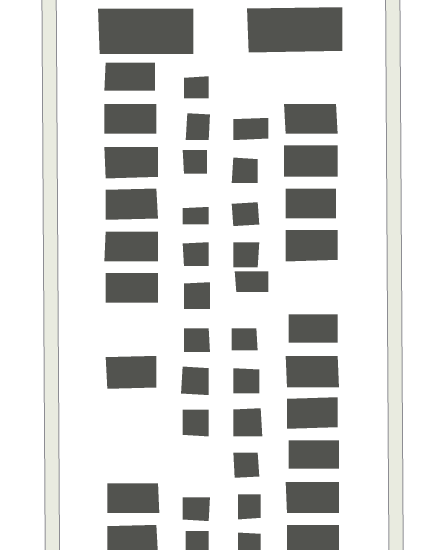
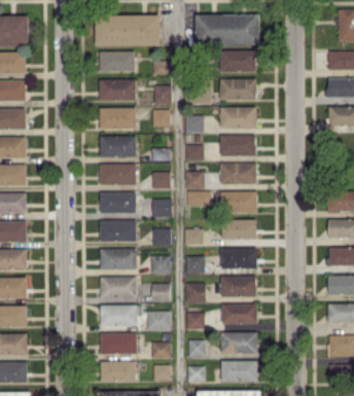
building: none -> [219,50,255,73]
building: none -> [220,191,256,213]
building: none -> [100,220,136,242]
building: none -> [100,277,136,298]
building: none -> [101,305,171,330]

